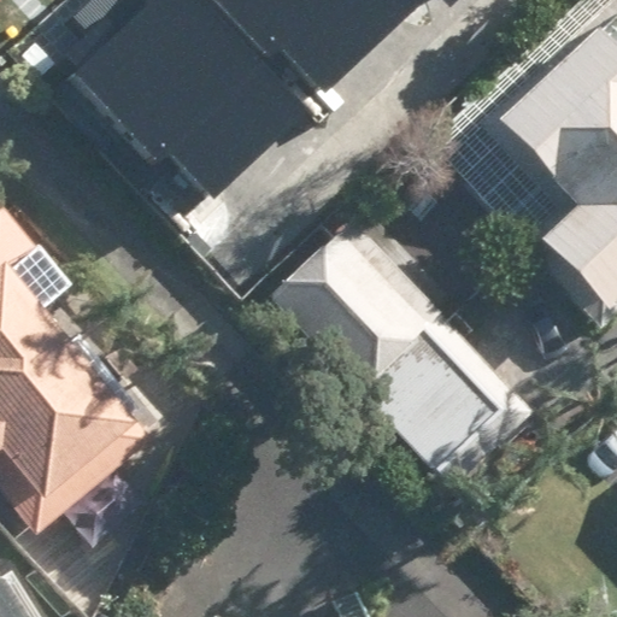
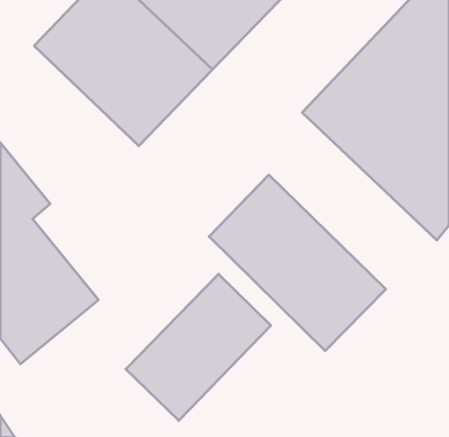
building: none -> [126,274,271,421]

